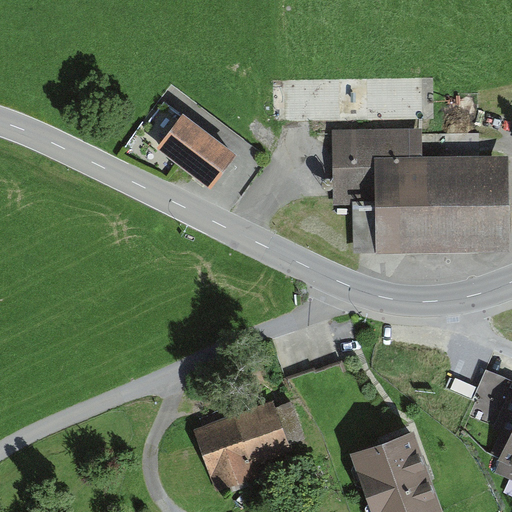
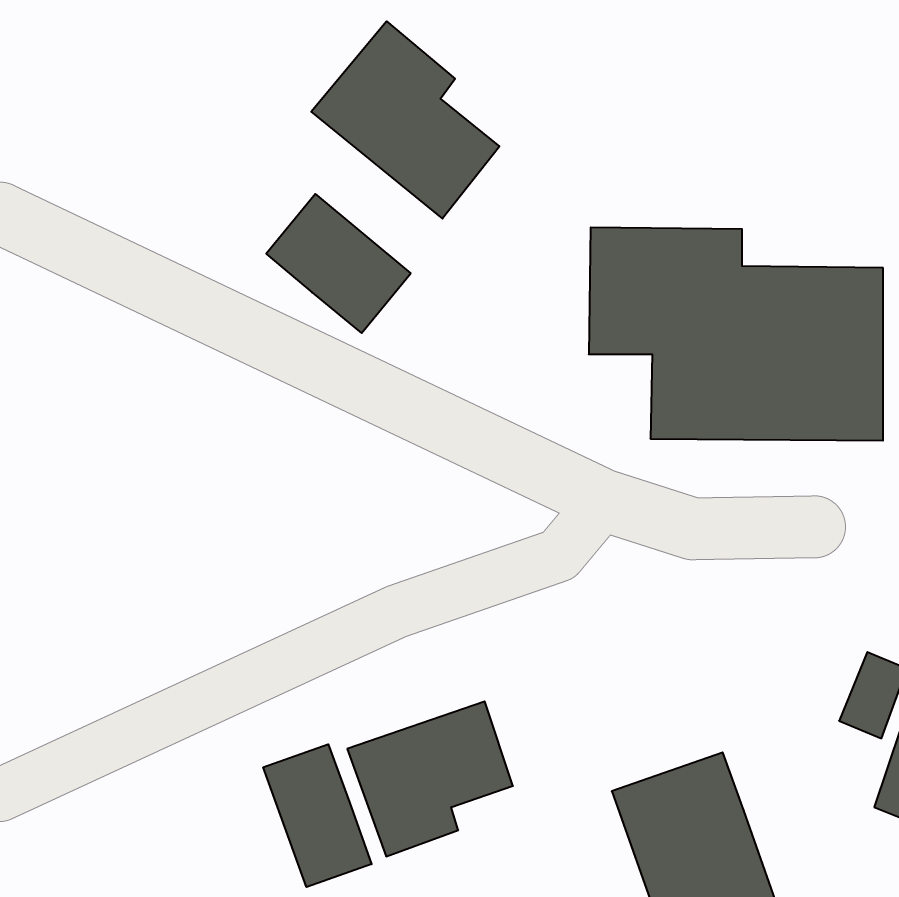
building: none -> [311,21,499,219]
building: none -> [263,744,372,887]

